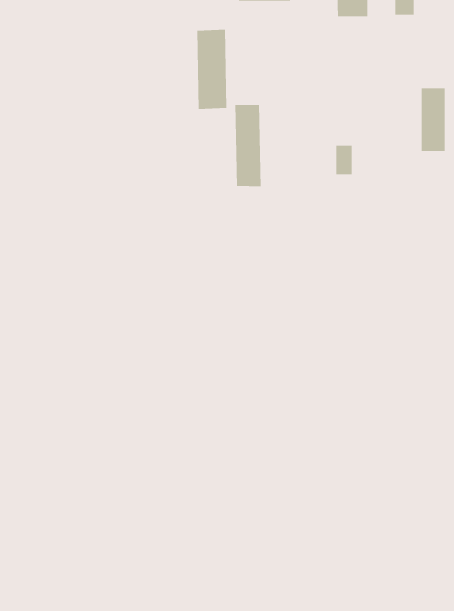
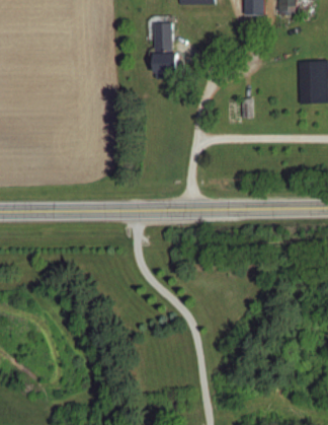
building: [235,104,261,187] -> none

